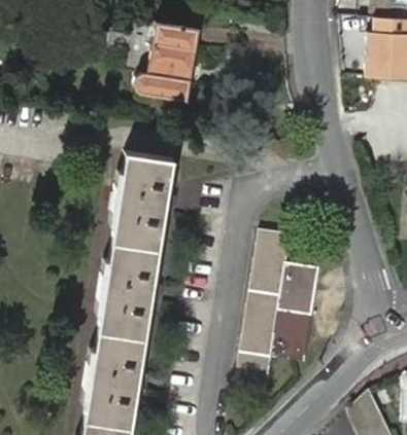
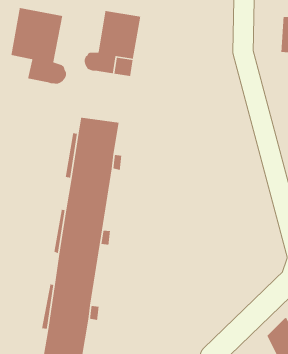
building: none -> [11,7,67,84]
building: [235,228,318,387] -> none

